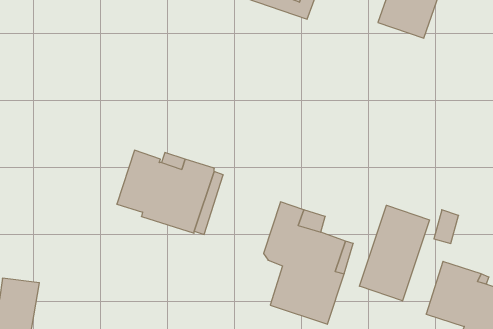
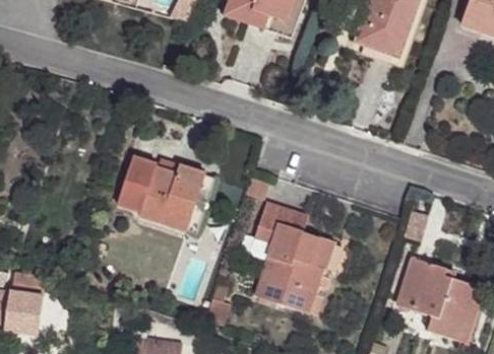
building: [359,205,429,301] -> none

